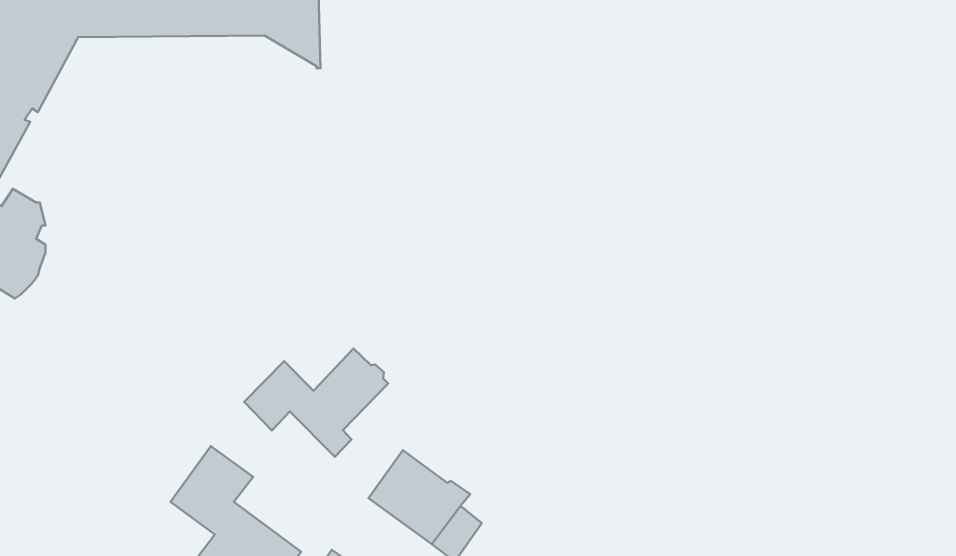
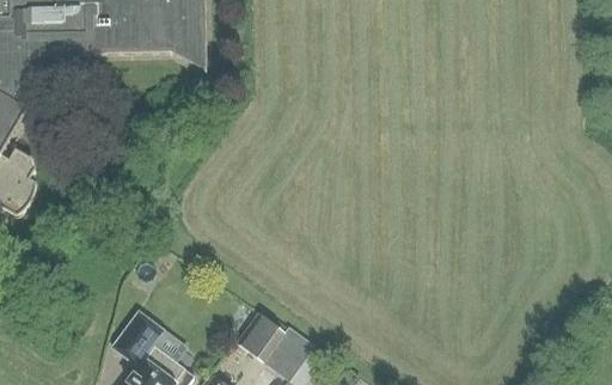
building: [244,349,388,457] -> none

